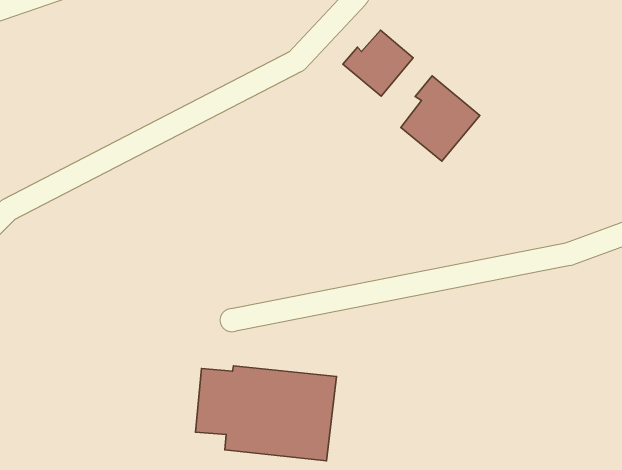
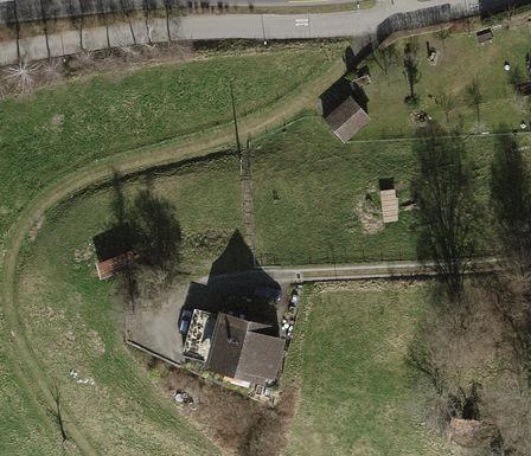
building: [401,76,480,161] -> none

